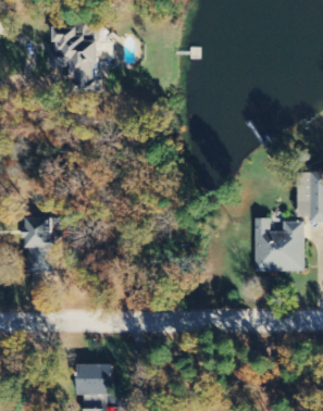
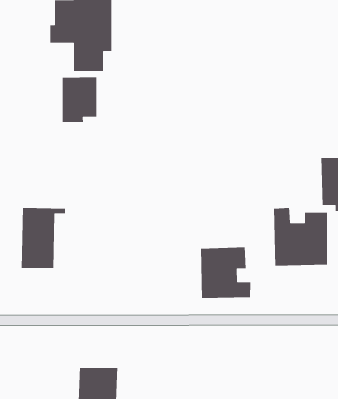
building: none -> [62,77,97,123]
building: none -> [200,246,251,299]

